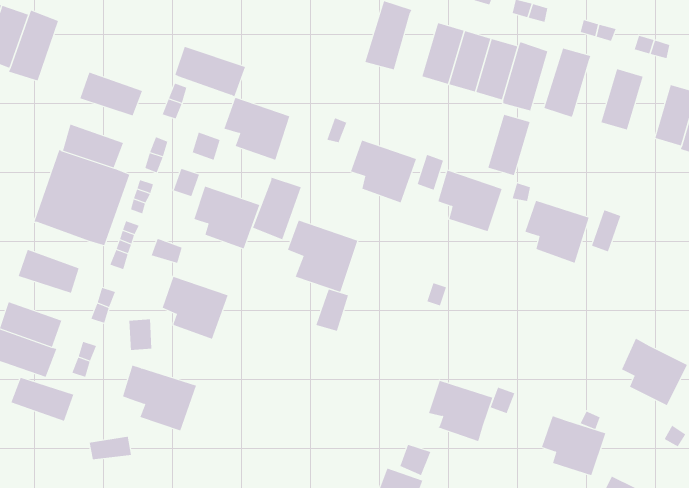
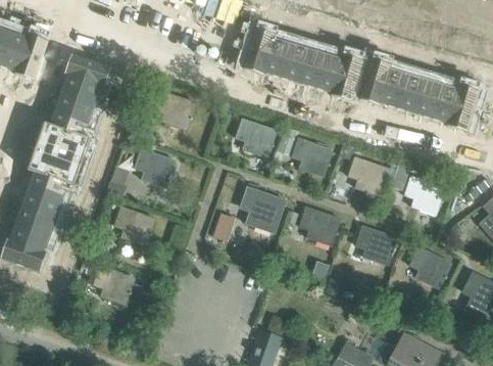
building: none -> [263,36,291,77]
building: [175,46,246,97] -> [64,54,110,87]
building: none -> [413,77,441,117]
building: none -> [54,91,95,120]
building: [488,114,530,176] -> [379,66,406,106]
building: [252,177,301,240] -> none
building: [287,220,358,293] -> [240,186,286,233]
building: none -> [27,171,66,200]
building: none -> [403,175,445,216]
building: [11,377,74,422] -> [14,205,55,234]
building: [428,380,493,442] -> [299,207,341,246]
building: [541,416,606,476] -> [355,226,397,265]

